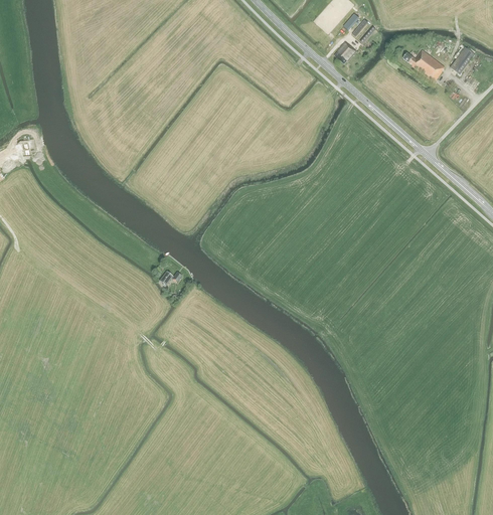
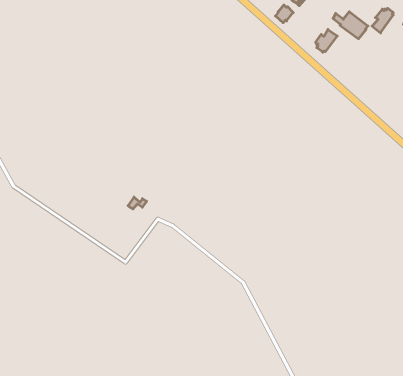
building: none -> [316,29,337,52]

